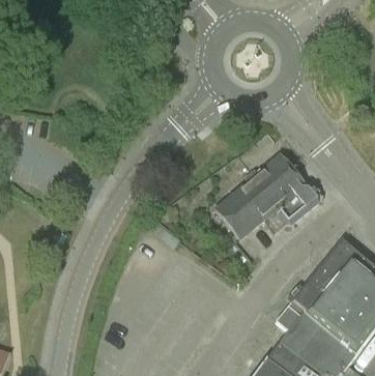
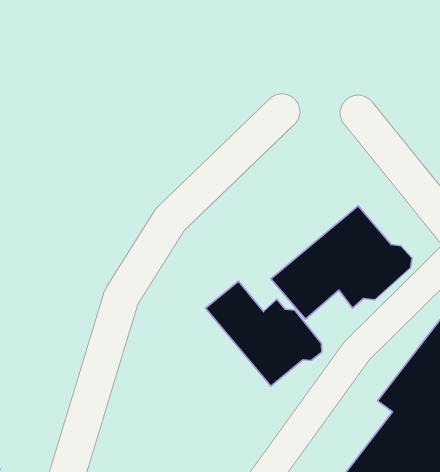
building: none -> [205,281,322,386]

